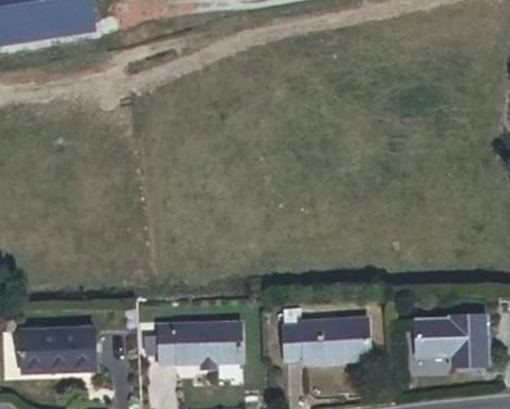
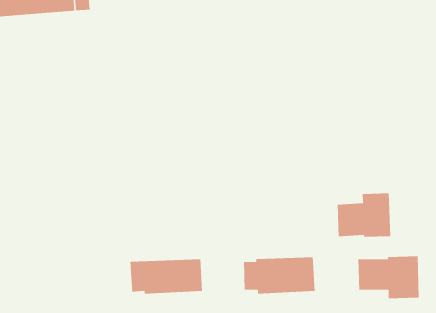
building: none -> [337,193,391,238]
building: [12,325,87,371] -> none

